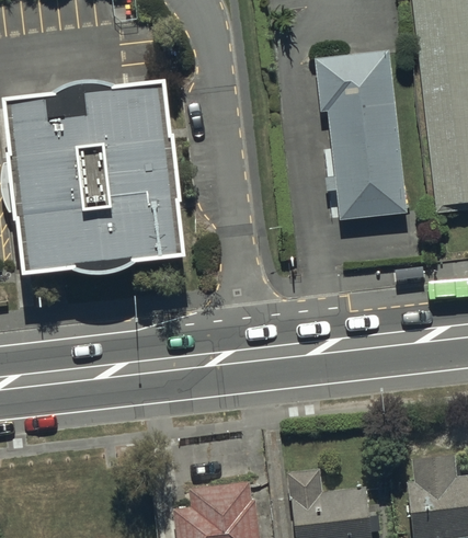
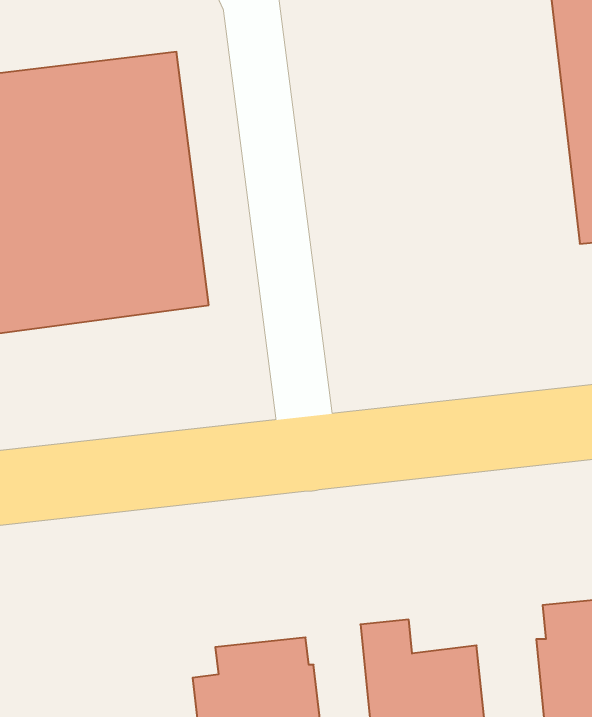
building: [315,56,406,230] -> none

